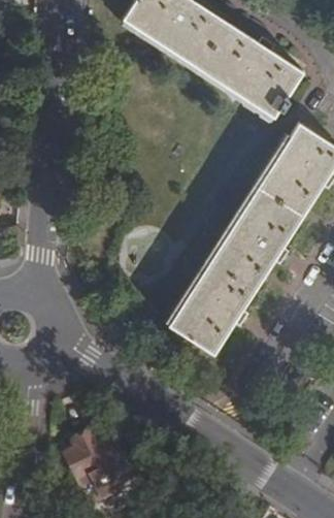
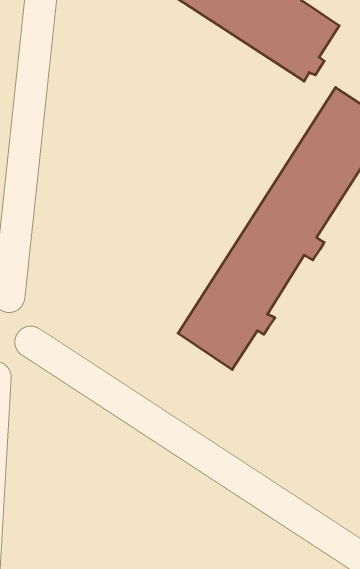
building: [62,430,133,504] -> none

